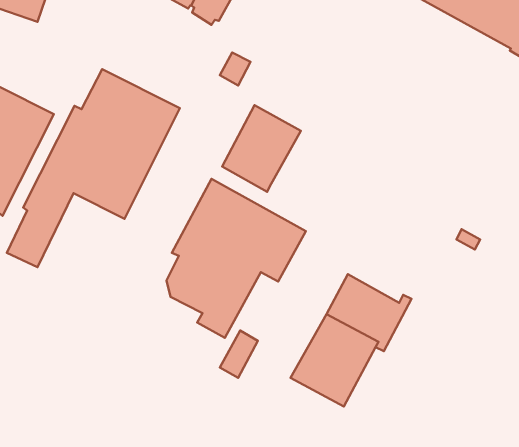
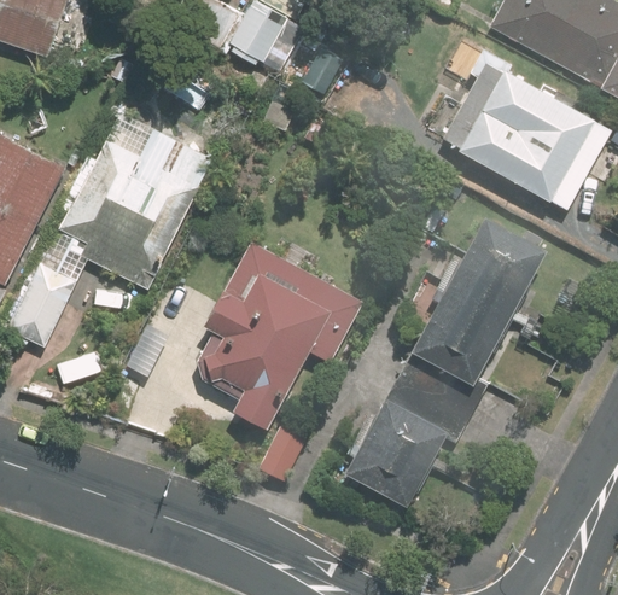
building: none -> [443,49,599,202]
building: [222,105,301,192] -> none
building: none -> [412,217,547,387]

